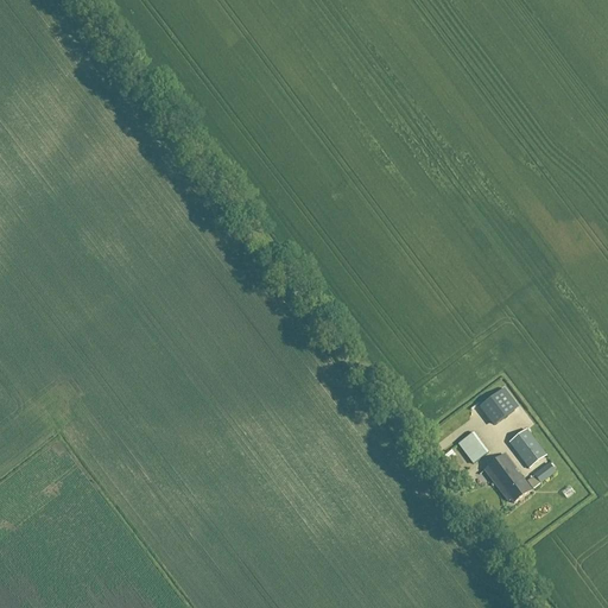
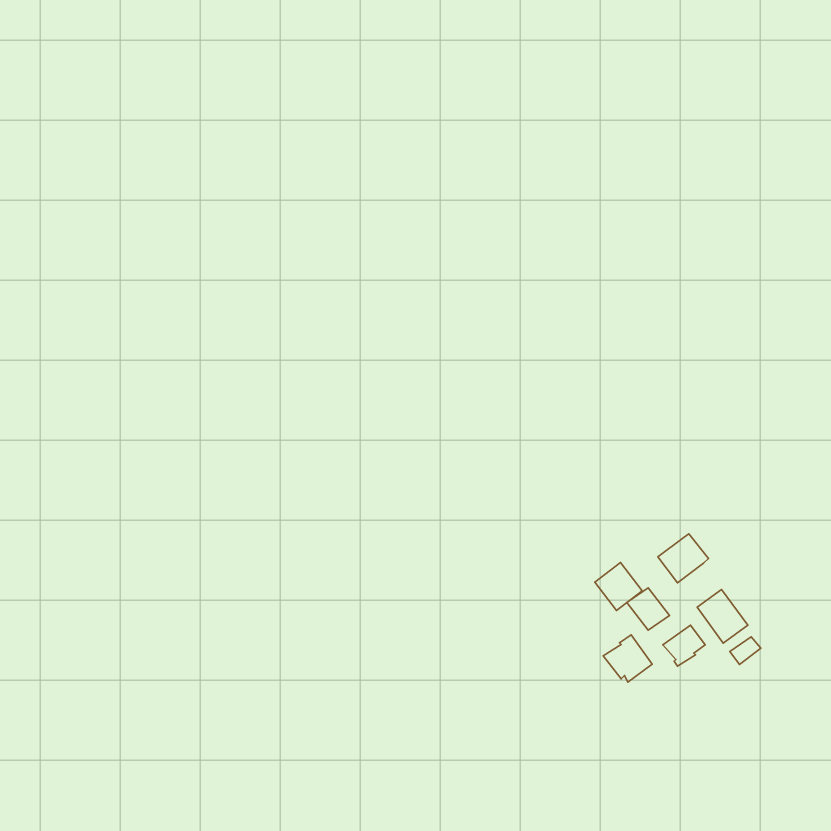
building: none -> [595,563,642,610]
building: [493,469,528,504] -> [603,635,652,682]

